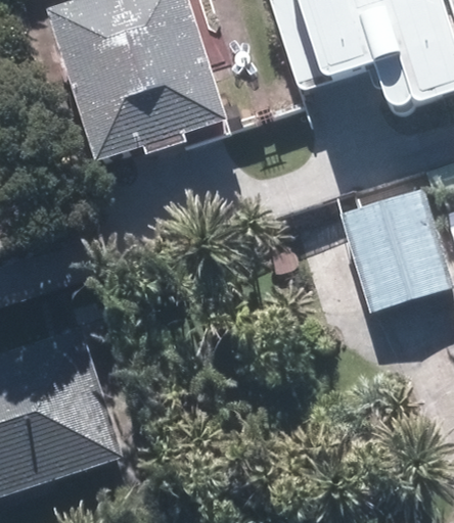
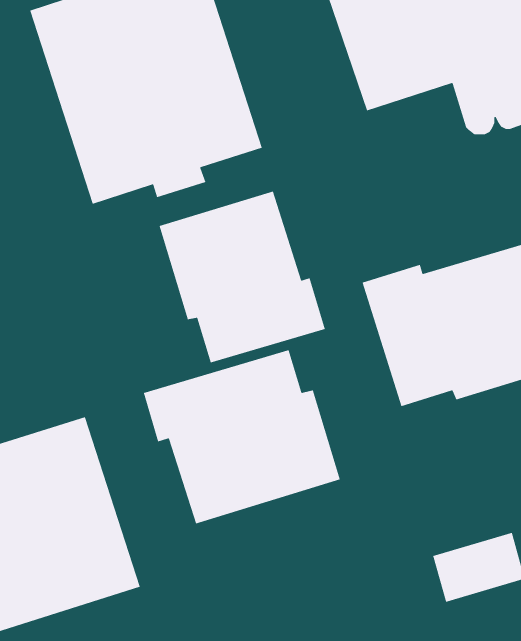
building: none -> [158,190,326,364]
building: none -> [143,349,341,524]

